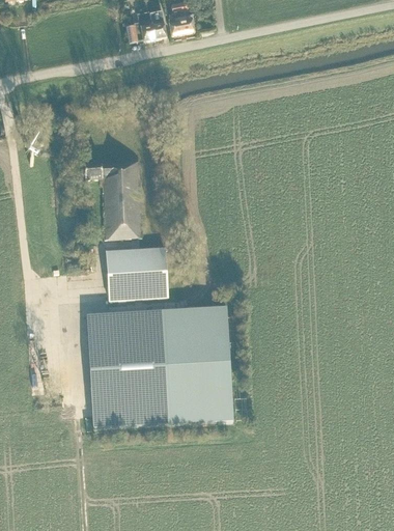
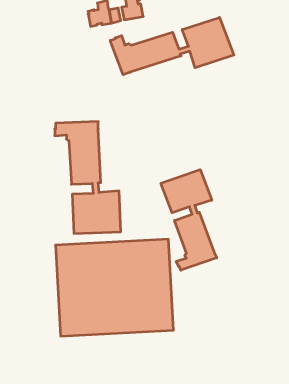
building: none -> [110,17,234,75]
building: none -> [161,170,217,270]

